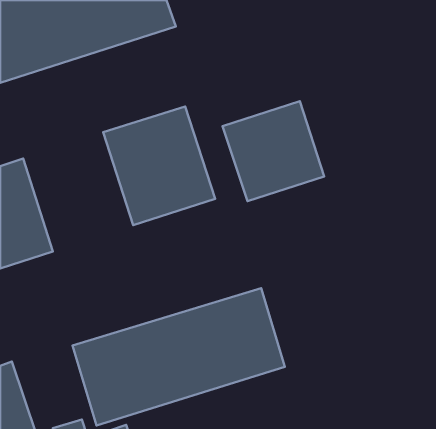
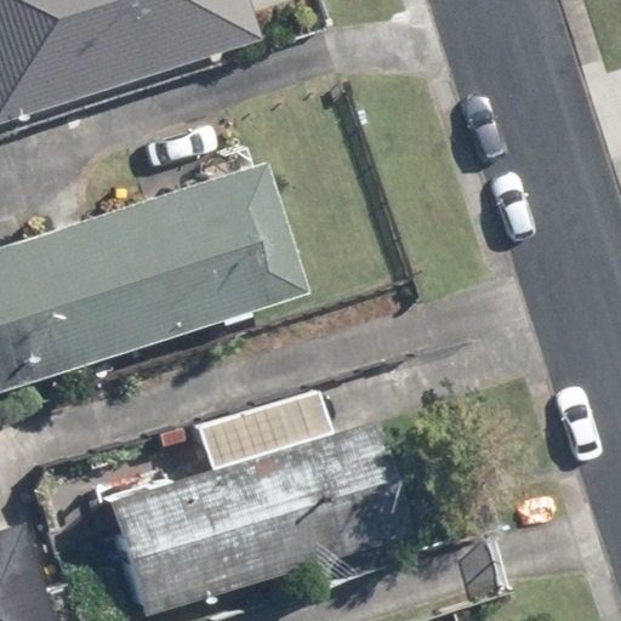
building: [222,101,324,201] -> none
building: none -> [33,198,189,368]

